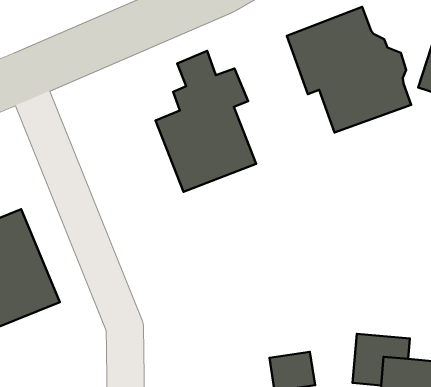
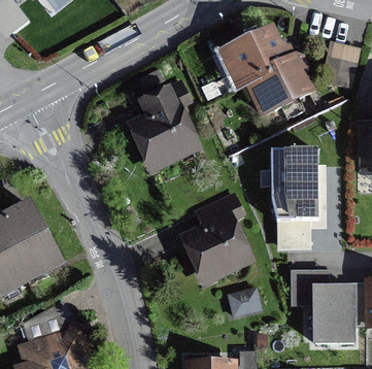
building: none -> [270,148,327,249]
building: none -> [179,190,257,286]

